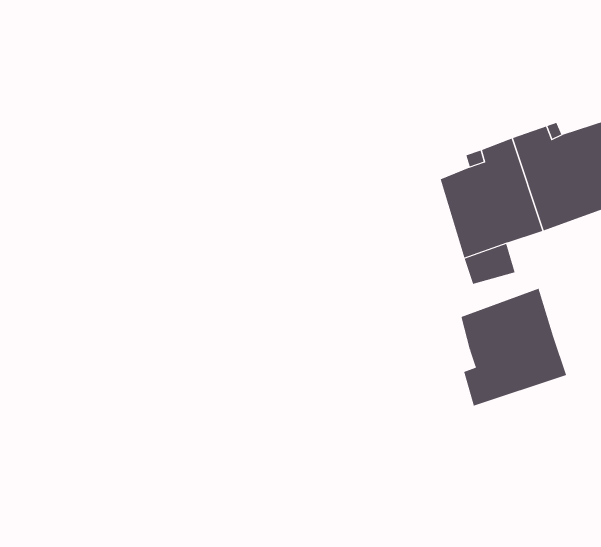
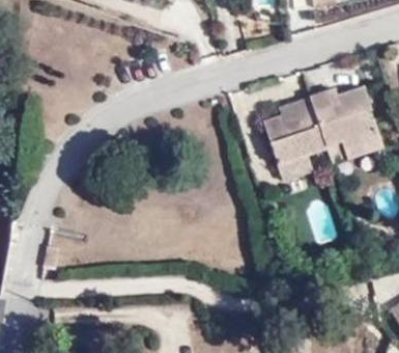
building: [461,288,567,407] -> none

